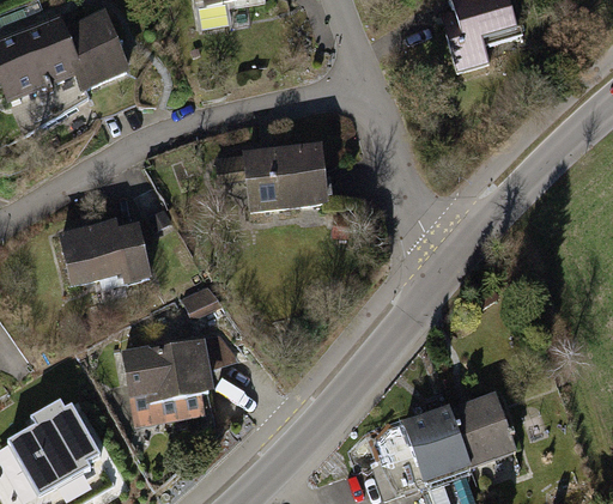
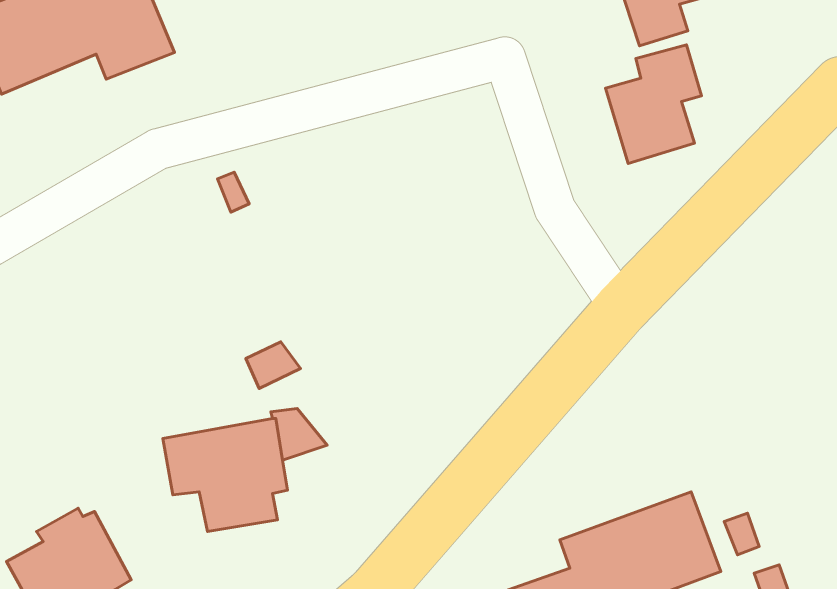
building: none -> [605,45,702,163]
building: [213,145,332,212] -> none
building: [59,221,153,291] -> none

